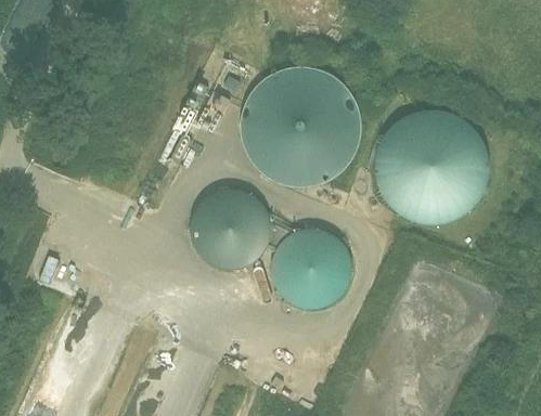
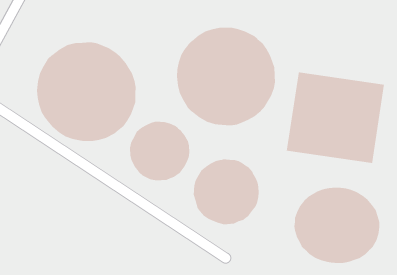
building: none -> [36,41,137,142]
building: none -> [293,187,380,264]

